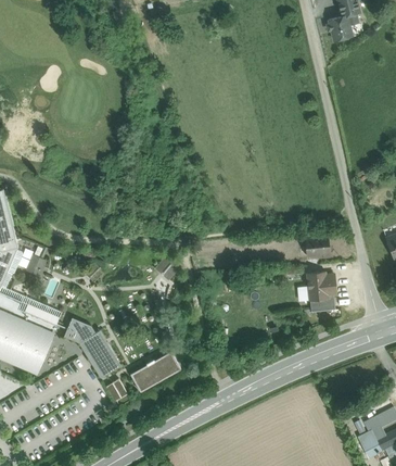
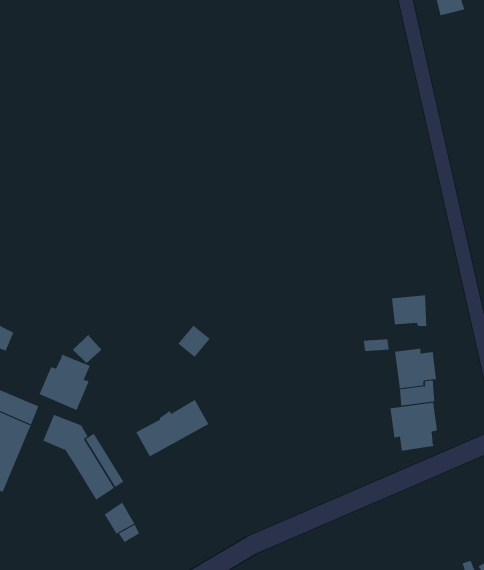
building: none -> [39,354,90,411]
building: none -> [390,402,437,452]
building: [129,352,180,392] -> [135,399,209,457]

